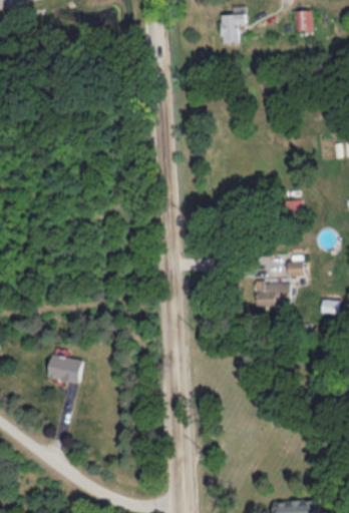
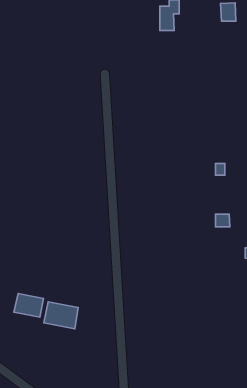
building: [256,282,291,305] -> none
building: none -> [44,302,78,329]

